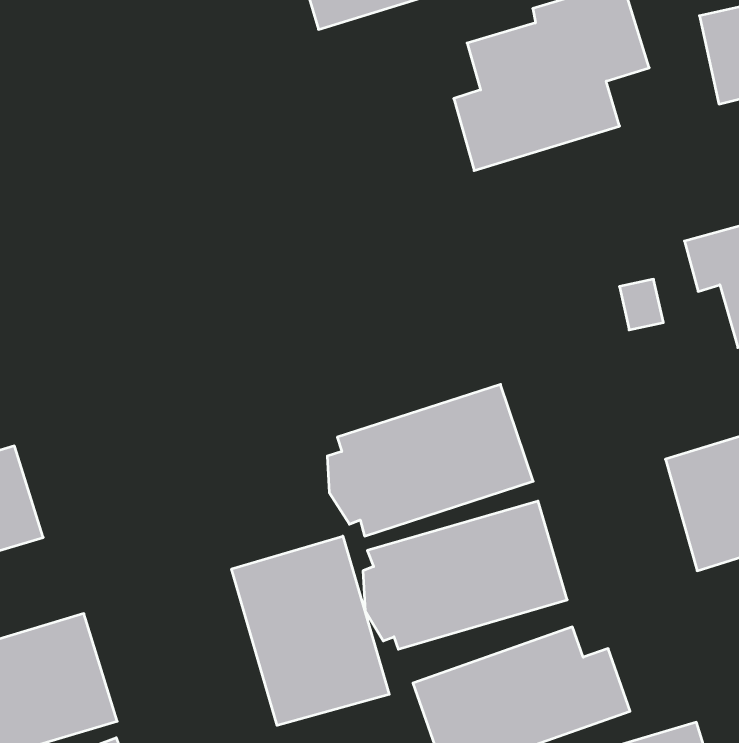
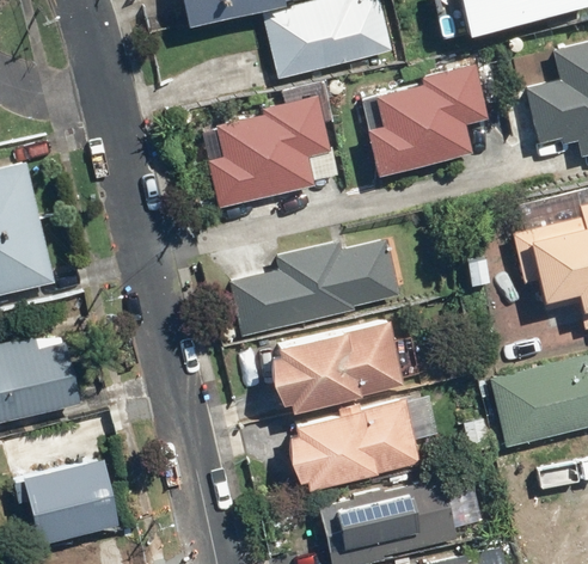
building: none -> [207,98,336,209]
building: none -> [229,240,400,337]
building: [232,536,389,725] -> none

